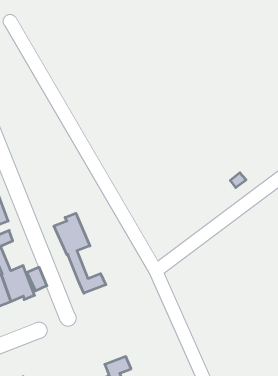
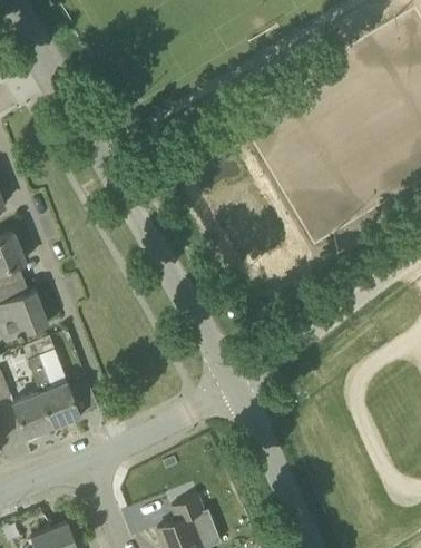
building: [54,213,106,293] -> none

